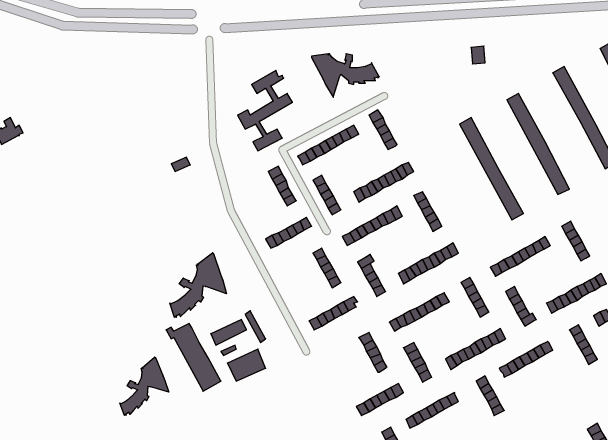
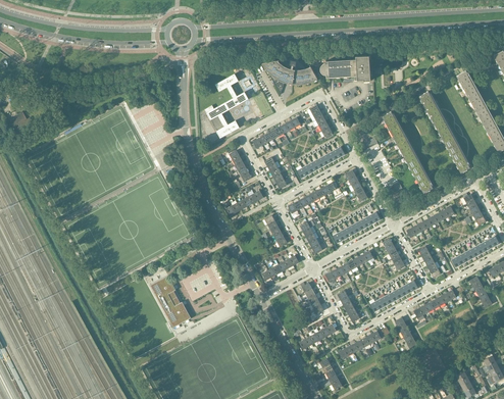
building: none -> [320,55,370,79]
building: [170,253,226,317] -> none
building: [120,357,169,415] -> none

